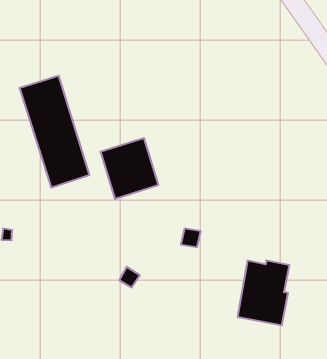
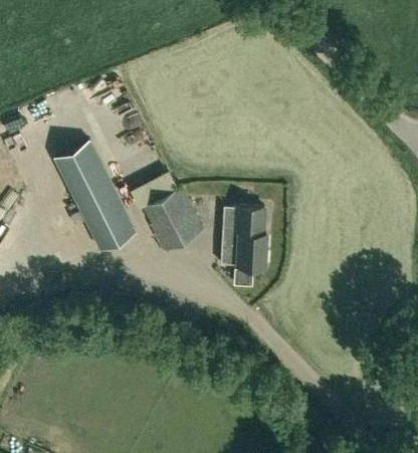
building: [238,260,289,325] -> [222,208,267,268]

